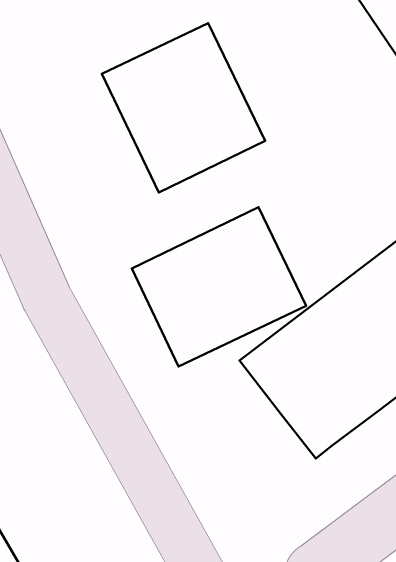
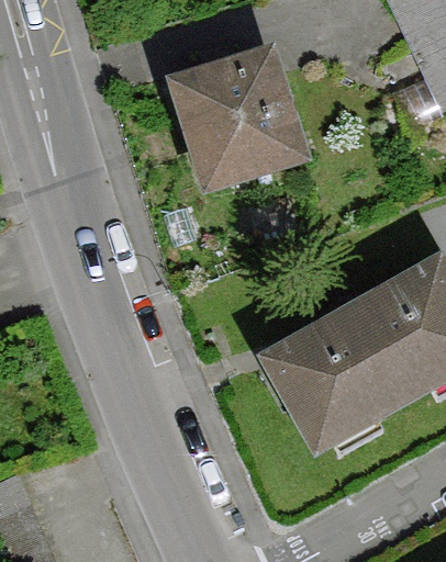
building: [132,207,306,367] -> none

